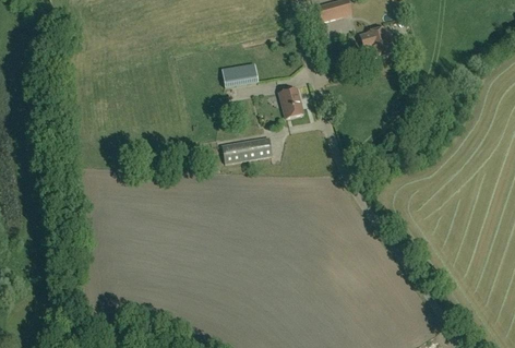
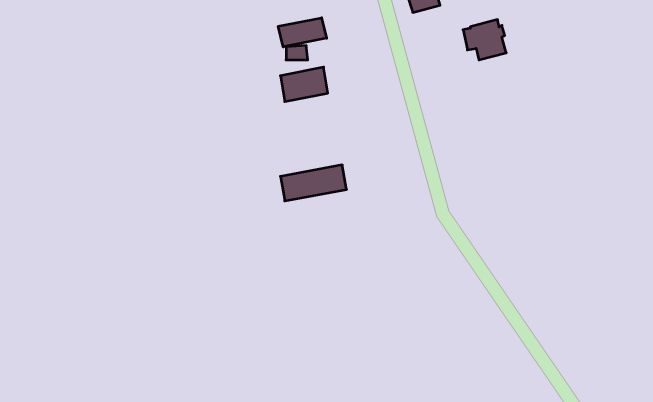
building: none -> [278,18,327,47]
building: [279,87,302,118] -> none

